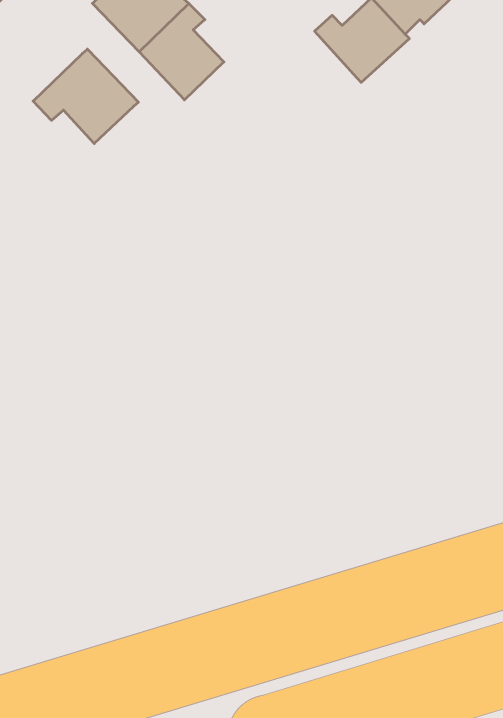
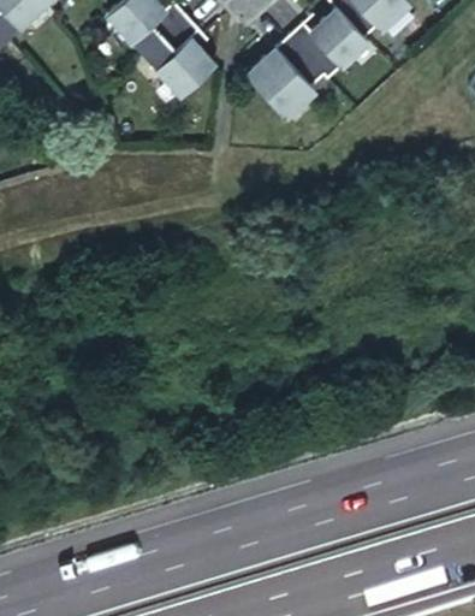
building: none -> [247,37,323,118]
building: [33,49,138,144] -> none

